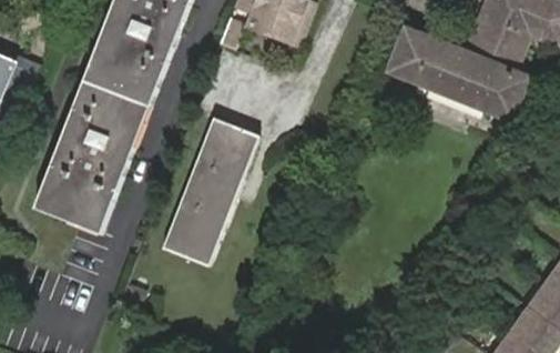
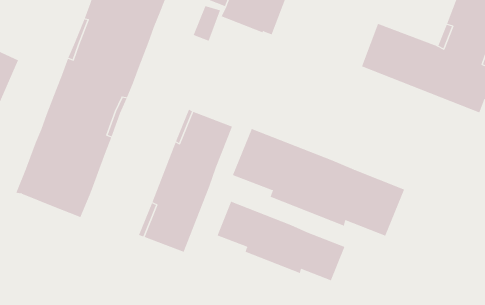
building: none -> [232,128,405,236]
building: none -> [217,201,345,281]

